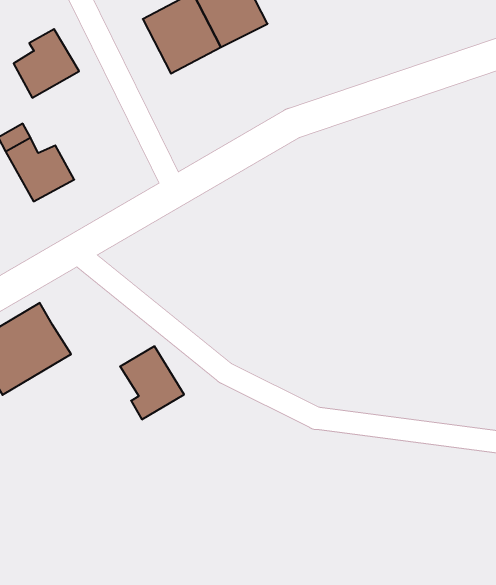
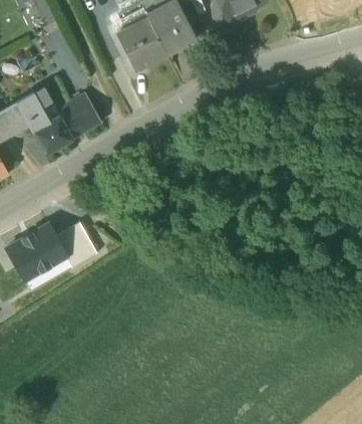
building: [14,29,79,98] -> [59,95,101,140]
building: [120,346,184,419] -> [57,220,98,267]

